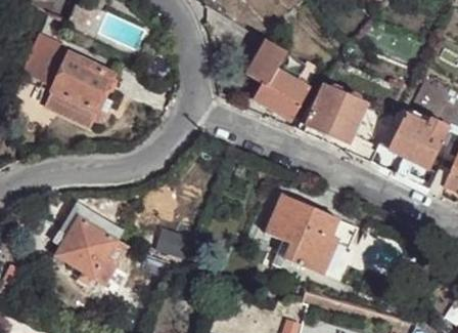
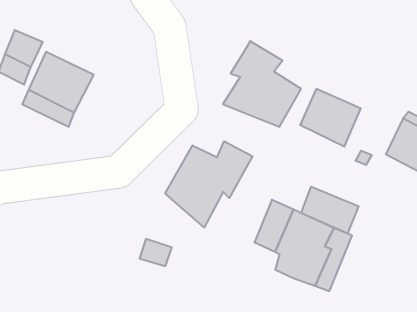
building: none -> [165,141,252,228]
building: none -> [301,187,358,234]
building: [53,217,117,280] -> none

